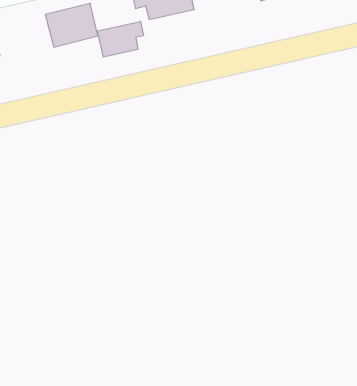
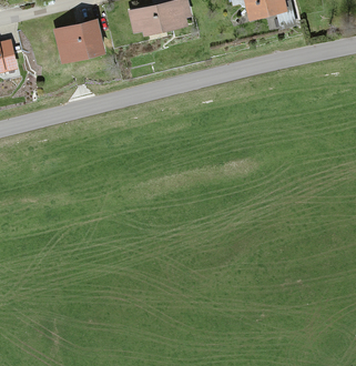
building: [97,21,143,57] -> none

